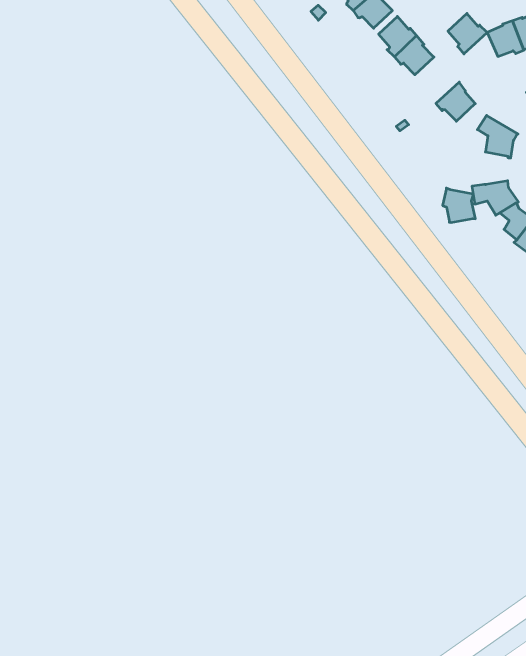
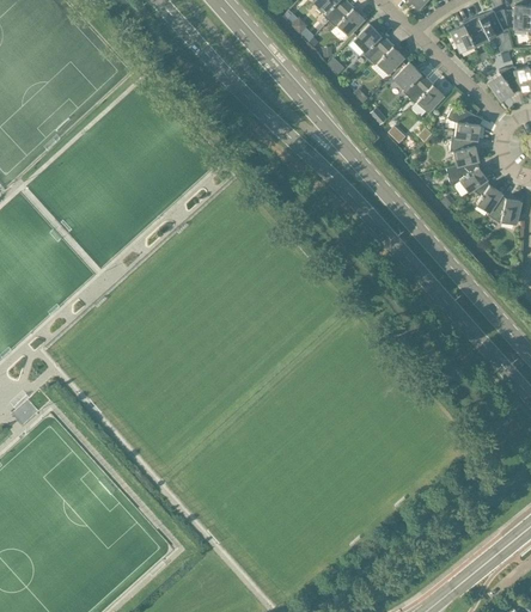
building: [448,13,487,54] -> [393,61,428,97]
building: [443,188,475,222] -> [450,135,480,165]

